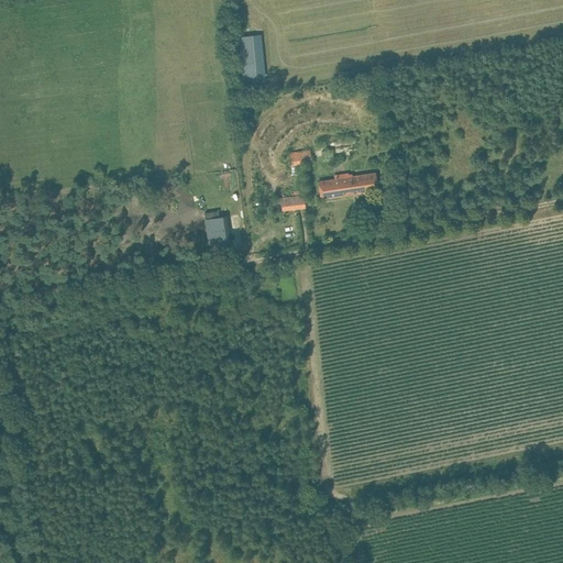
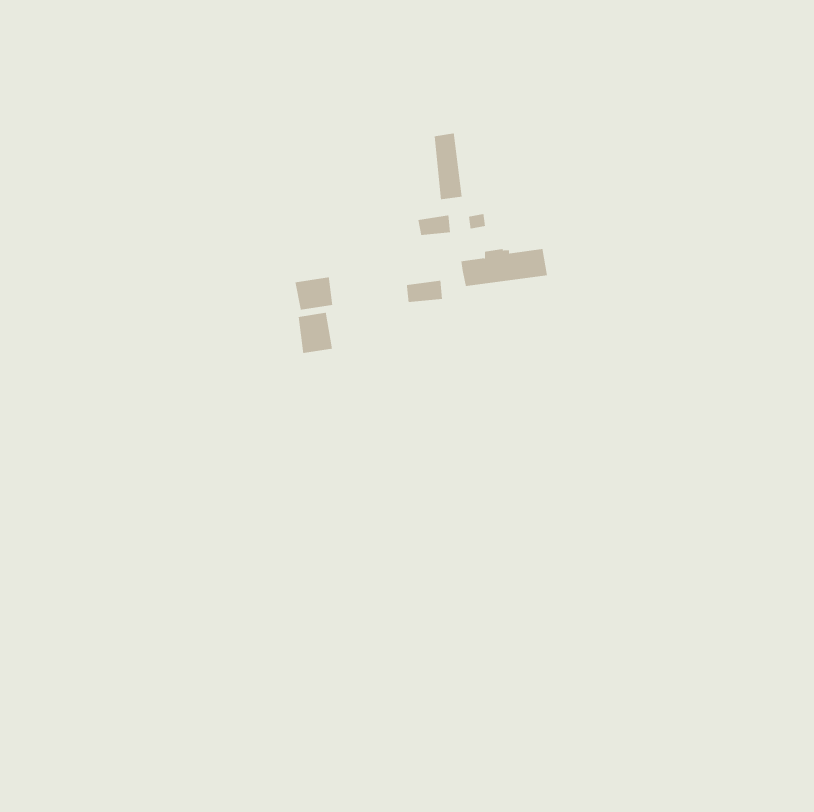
building: [238,34,257,80] -> [434,133,462,200]
building: none -> [295,276,333,310]

